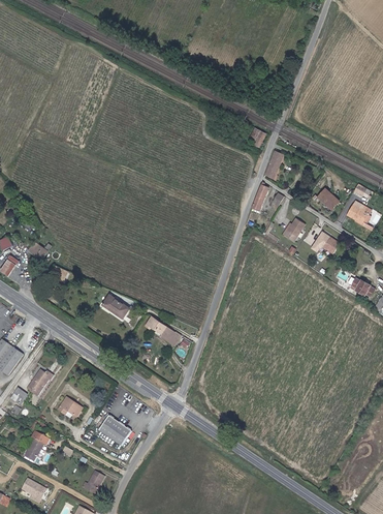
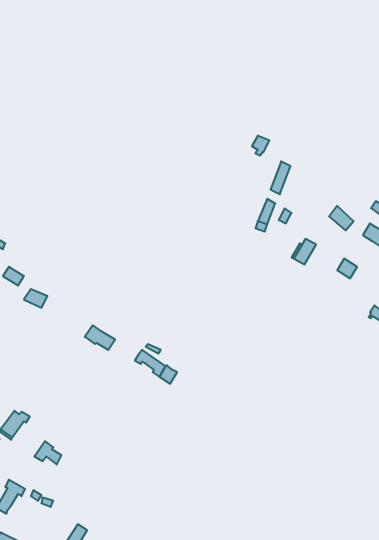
building: [99,417,130,446] -> none

